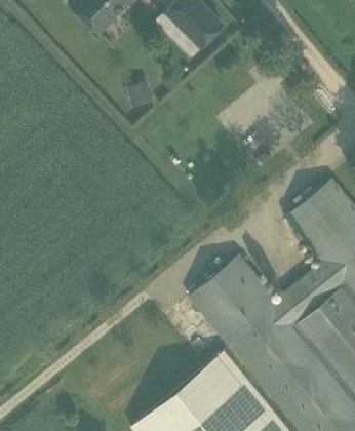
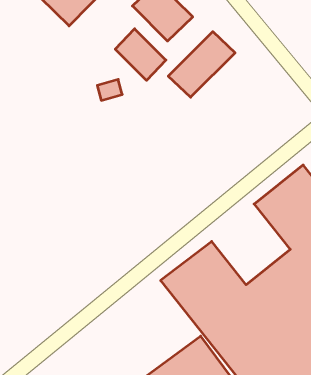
building: none -> [115,29,166,80]
building: none -> [168,32,235,97]

